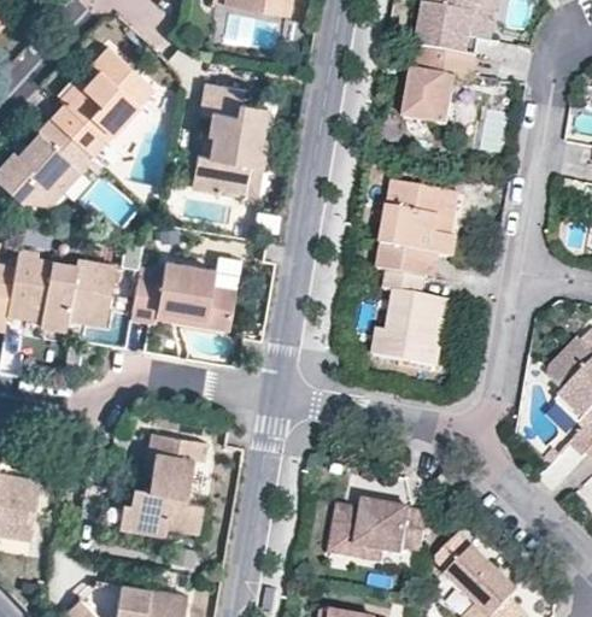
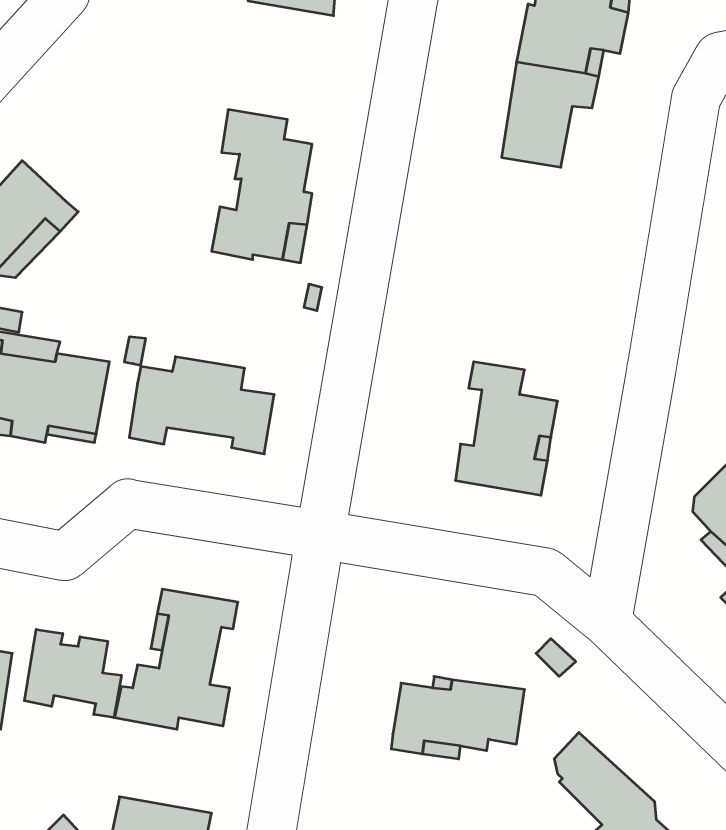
building: [52,48,156,158] -> none
building: [374,180,458,274] -> none
building: none -> [24,629,121,718]

